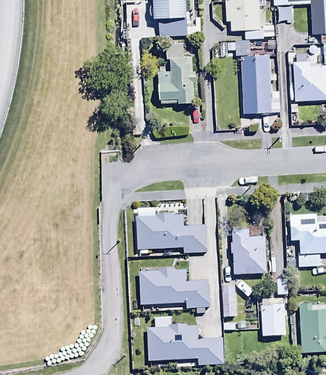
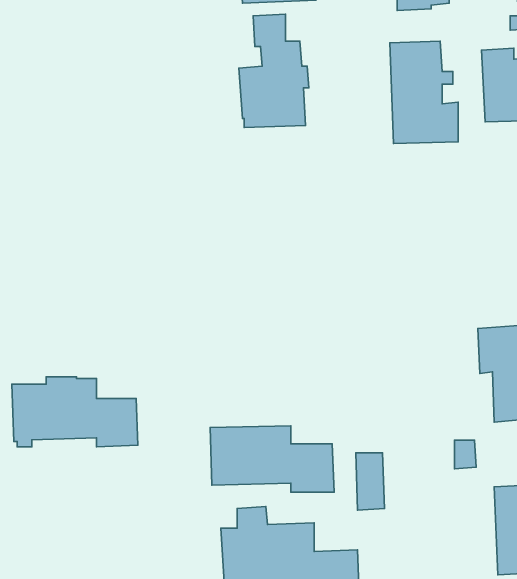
building: [137,213,207,252] -> [12,377,138,447]
building: [231,230,267,274] -> none
building: [261,296,286,335] -> none

